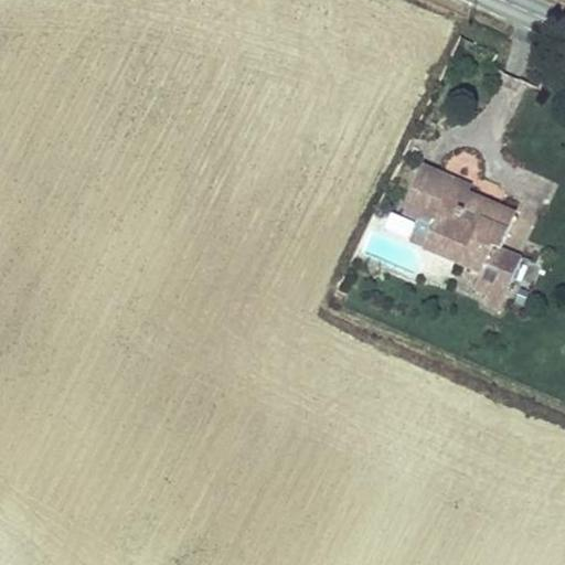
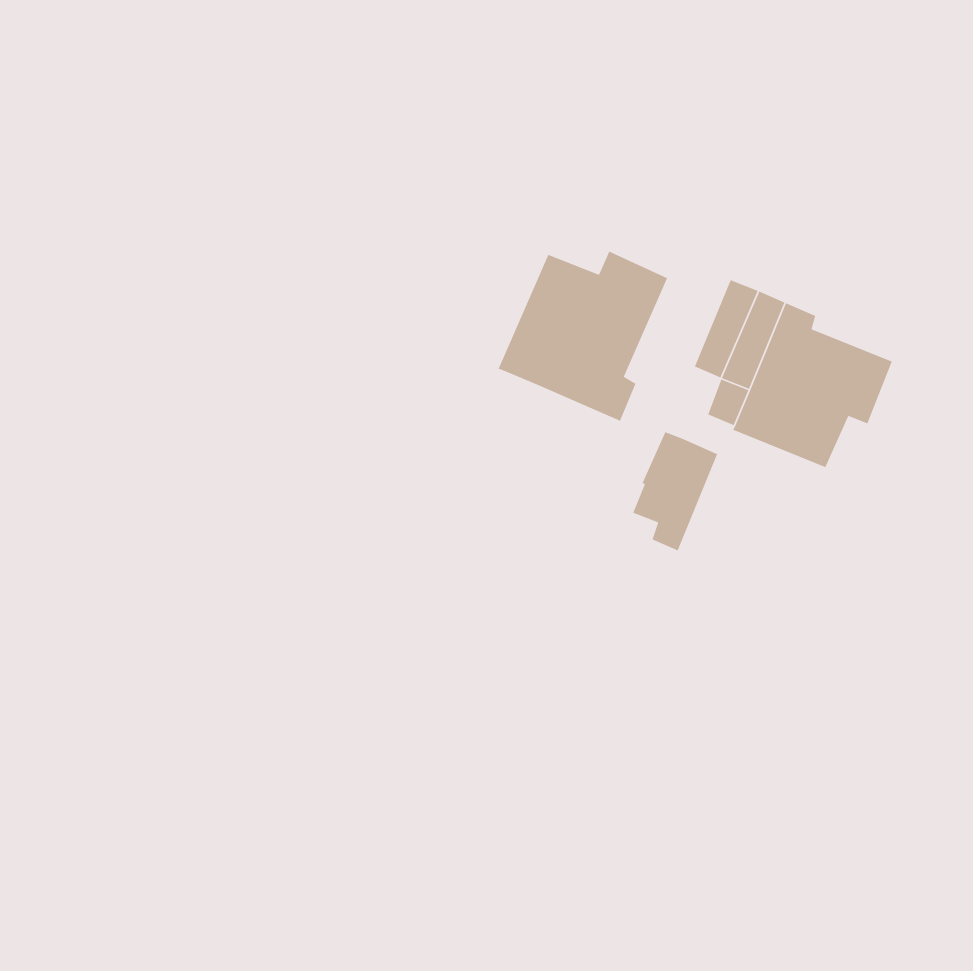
building: none -> [498,250,668,422]
building: [471,241,521,310] -> [632,431,718,551]

